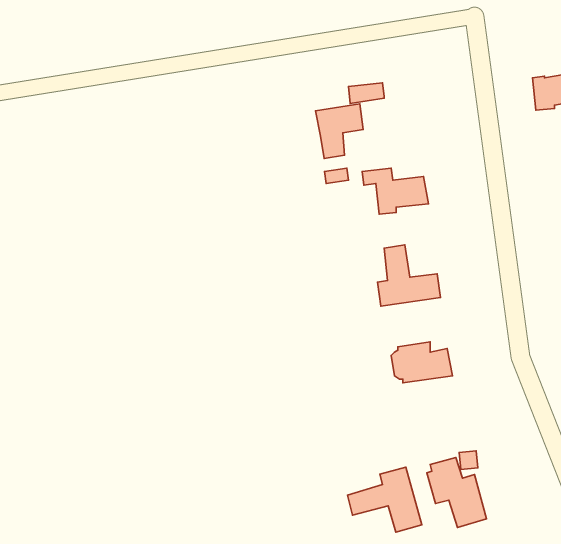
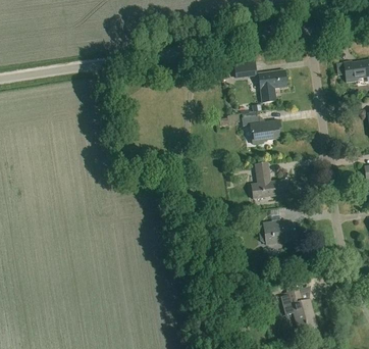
building: [316,104,363,158] -> [258,70,286,103]
building: [348,467,422,532] -> none

